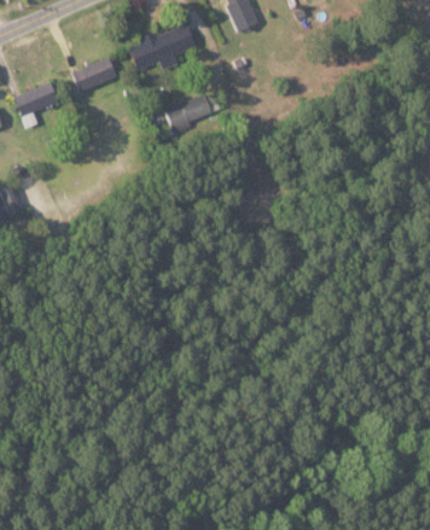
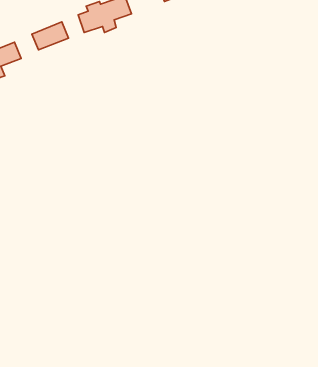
building: [164,93,214,132] -> none

